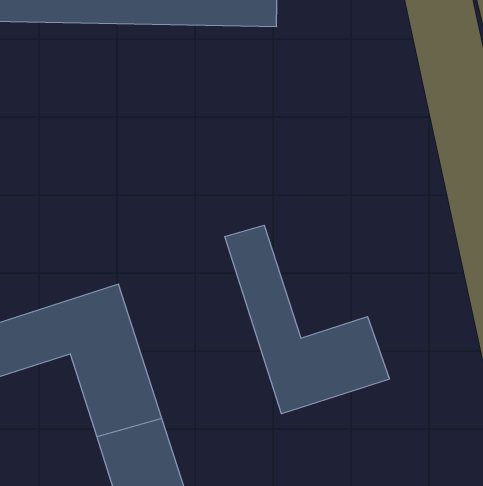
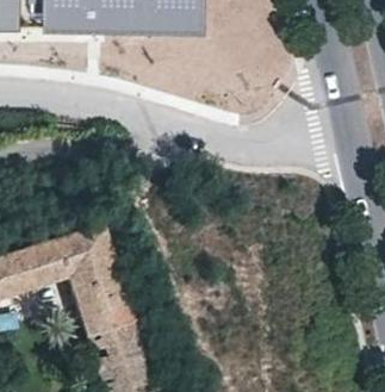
building: [225,225,390,414] -> none

